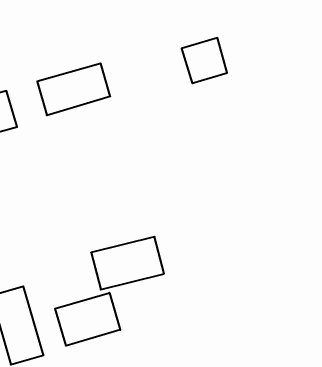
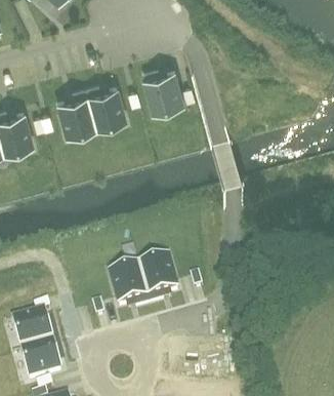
building: [182,38,227,83] -> [140,73,184,117]
building: [55,293,120,346] -> none

